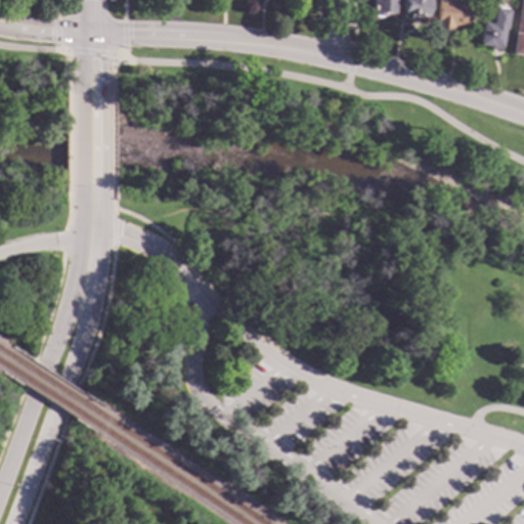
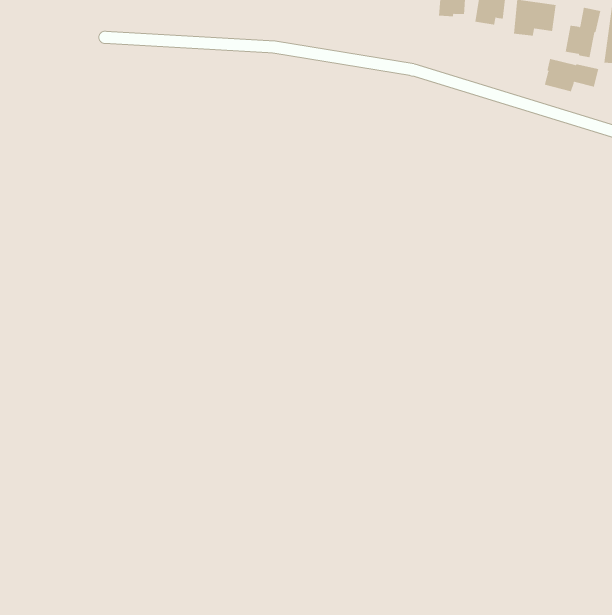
building: none -> [544,58,599,92]

